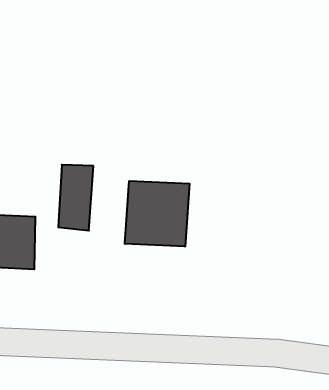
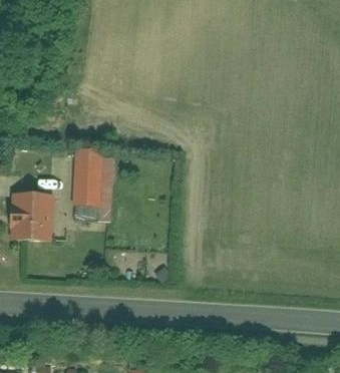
building: [125,181,189,247] -> none

